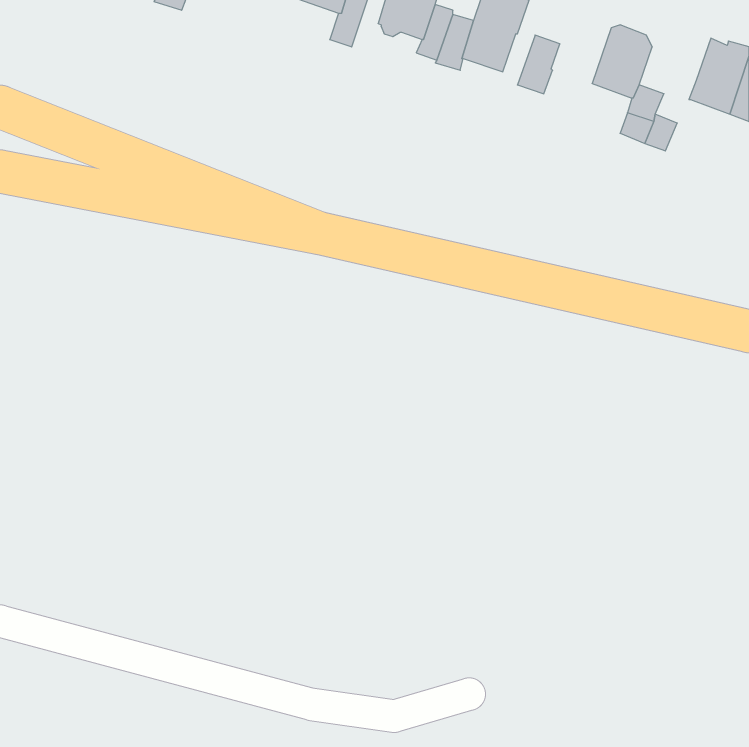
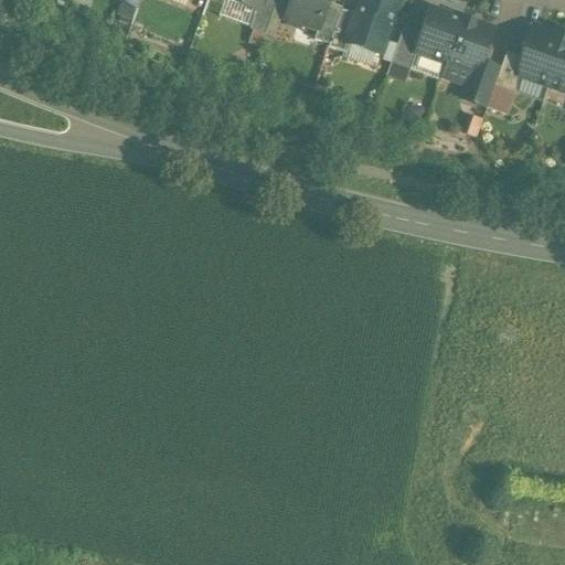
building: none -> [415,10,460,63]
building: none -> [493,54,524,94]

